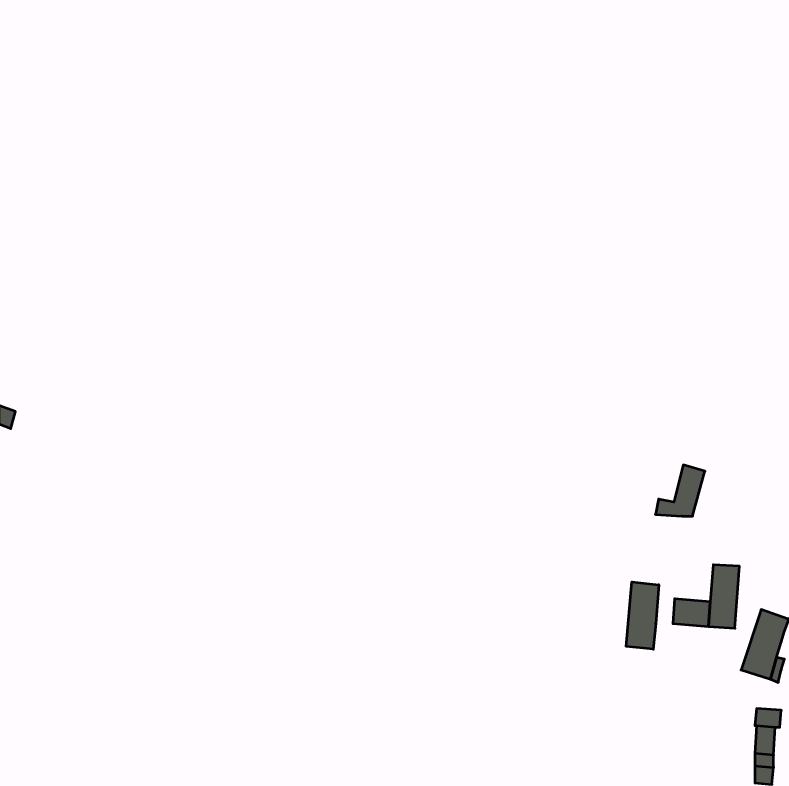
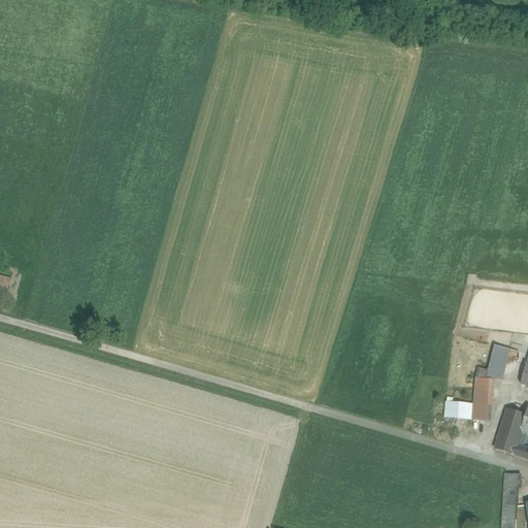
building: [655,465,705,516] -> [475,343,508,377]
building: [626,582,659,649] -> none

